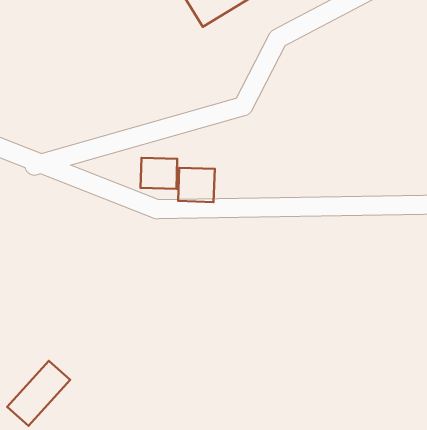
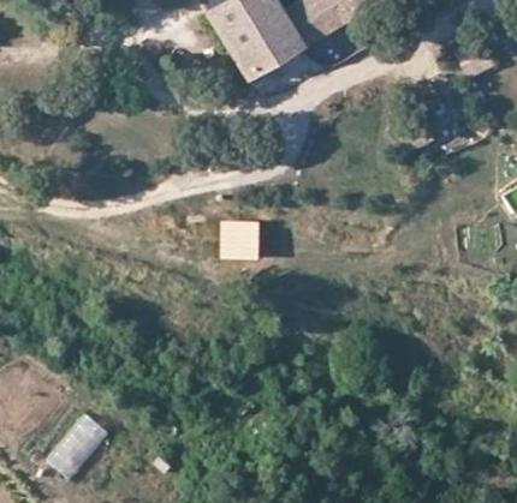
building: [140,158,177,189] -> none

